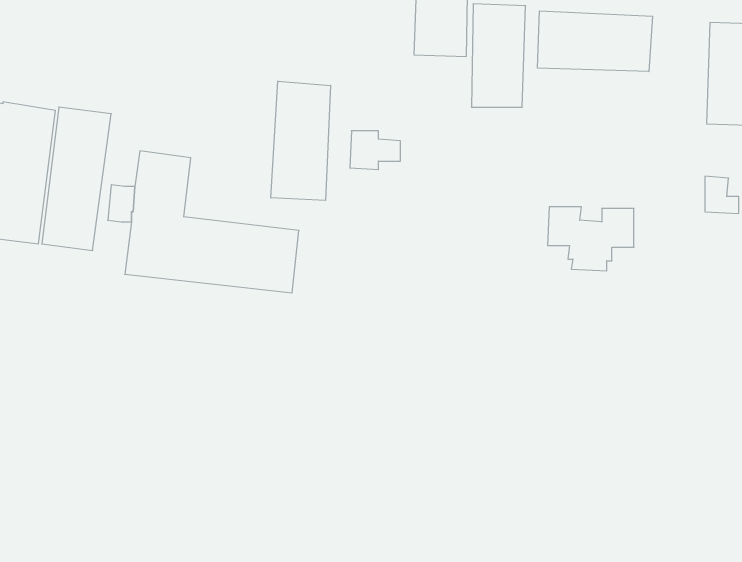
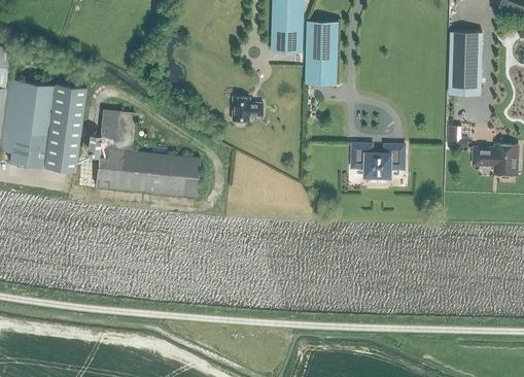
building: [538,11,653,72] -> none
building: [271,81,331,200] -> none

